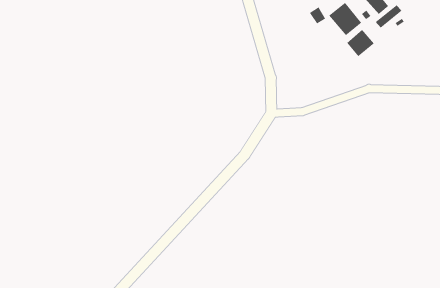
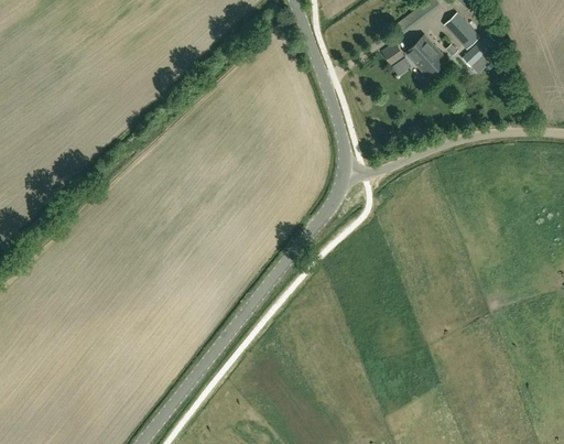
building: [346,29,375,57] -> none

